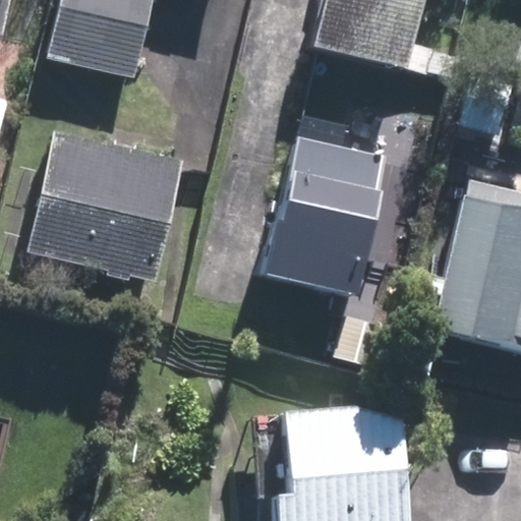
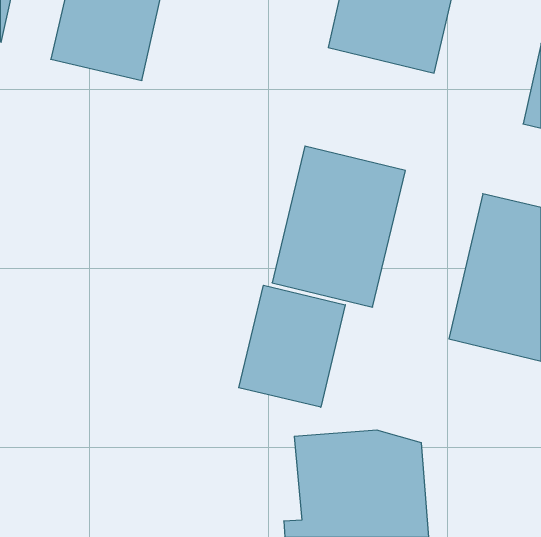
building: [24,134,185,281] -> none
building: none -> [239,285,345,407]

